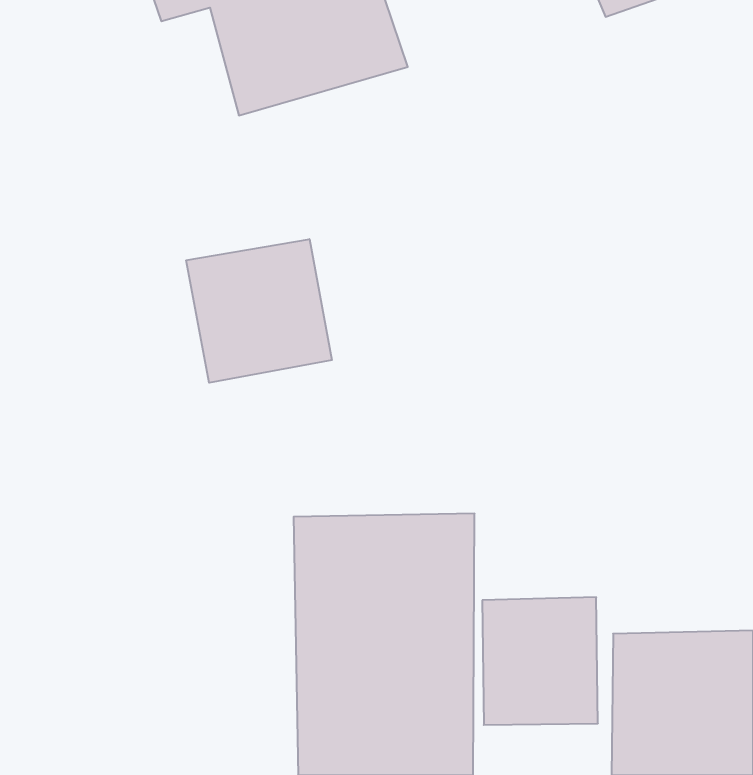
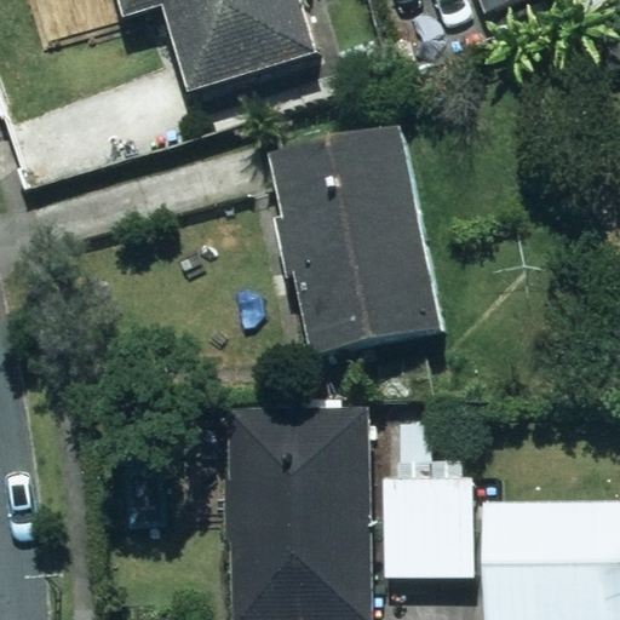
building: none -> [276,124,452,352]
building: [186,239,332,383] -> none

